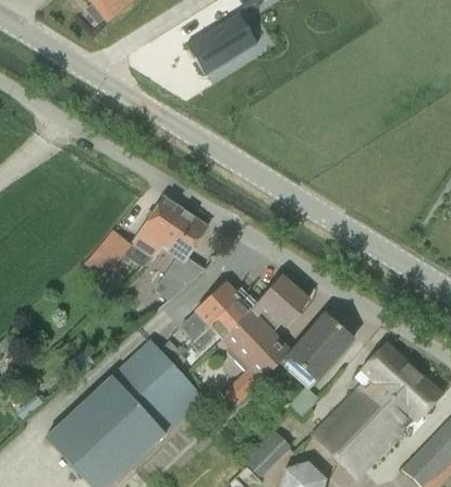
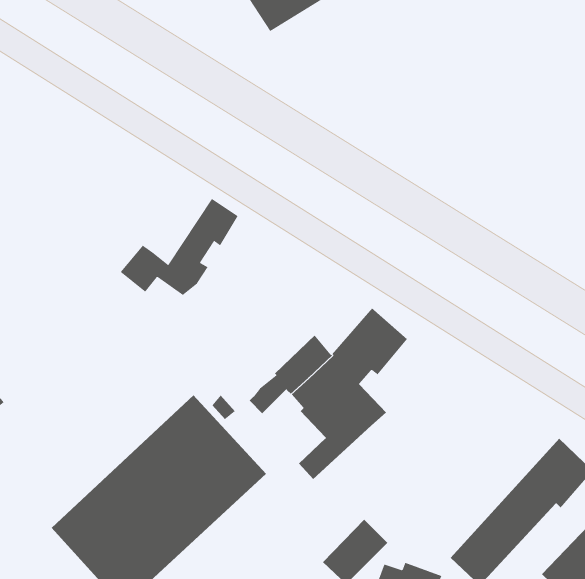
building: [156,208,207,299] -> none
building: [180,281,239,339] -> none
building: [280,313,352,387] -> none
building: [314,342,416,456] -> none

